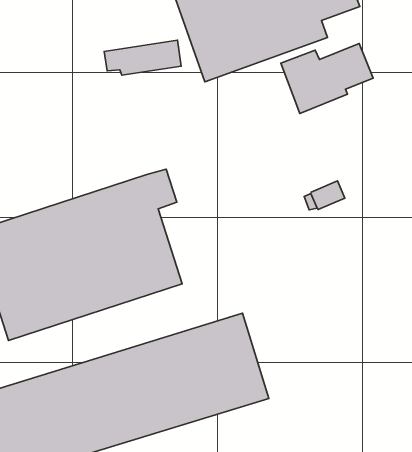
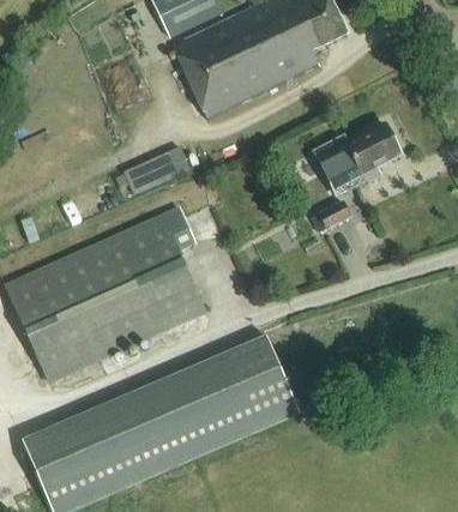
building: [104,40,181,75] -> [115,147,189,186]
building: [281,43,373,113] -> [313,124,402,195]

